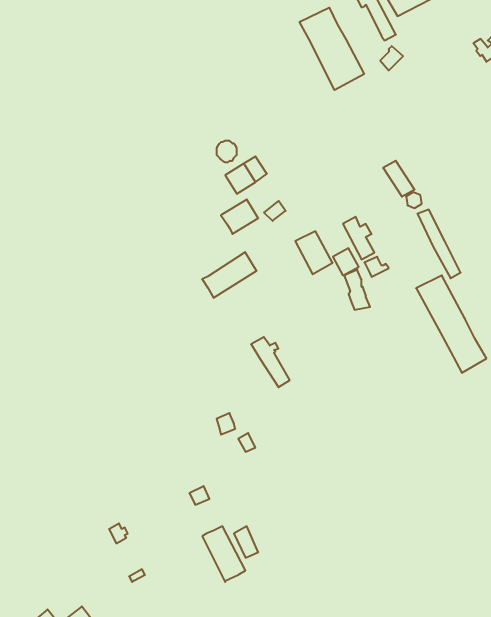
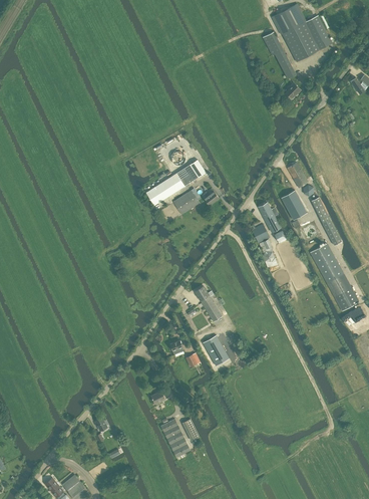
building: [300,8,364,90] -> none
building: [295,231,333,274] -> [281,190,307,220]
building: [202,252,257,298] -> [146,173,184,205]
building: none -> [203,335,230,365]

